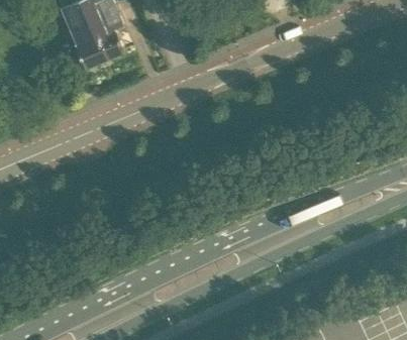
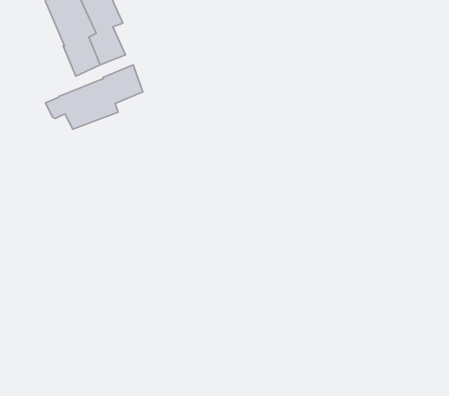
building: none -> [46,65,143,129]

